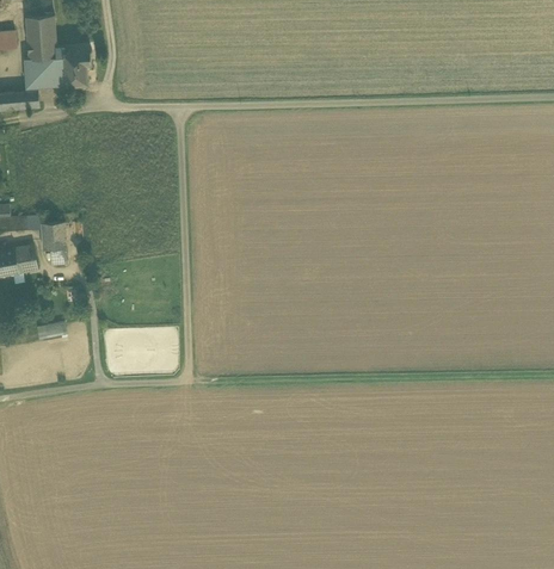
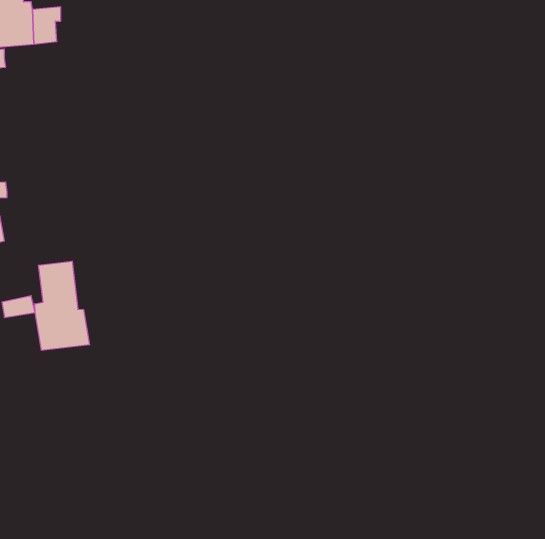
building: [39,222,66,264] -> none
building: none -> [35,261,90,350]

